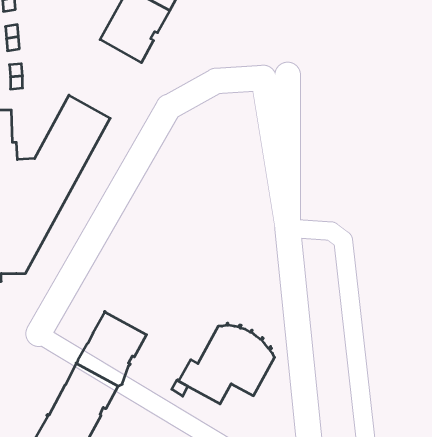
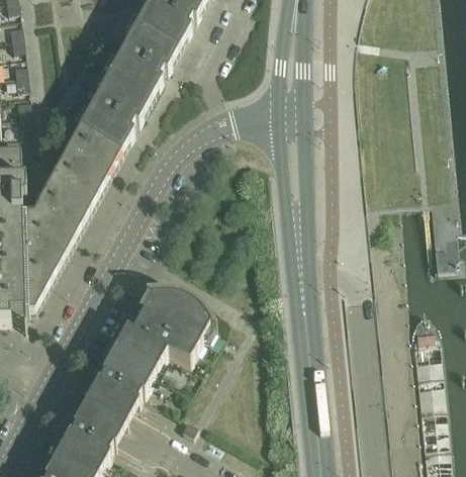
building: none -> [76,73,149,152]
building: [178,323,275,404] -> [111,288,208,369]

